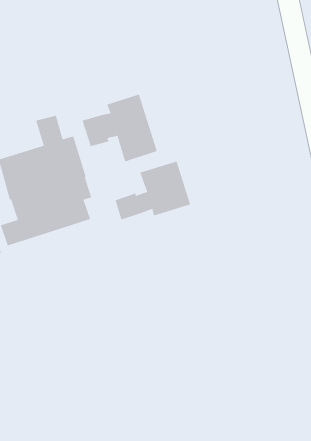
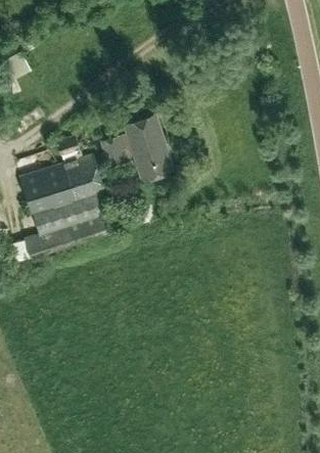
building: [114,160,191,220] -> none

